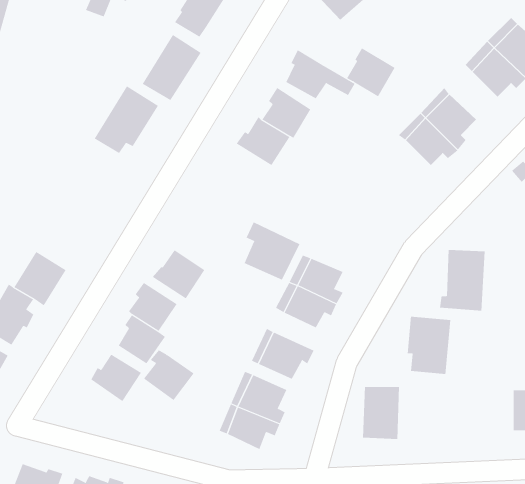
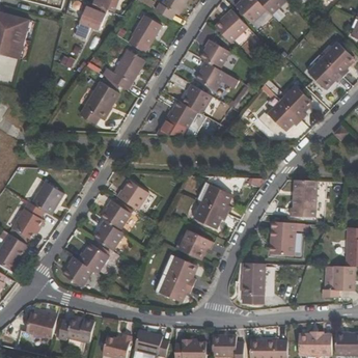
building: [346,47,396,97] -> [198,38,228,68]
building: [244,221,300,280] -> none
building: [143,349,194,401] -> [62,256,93,287]

